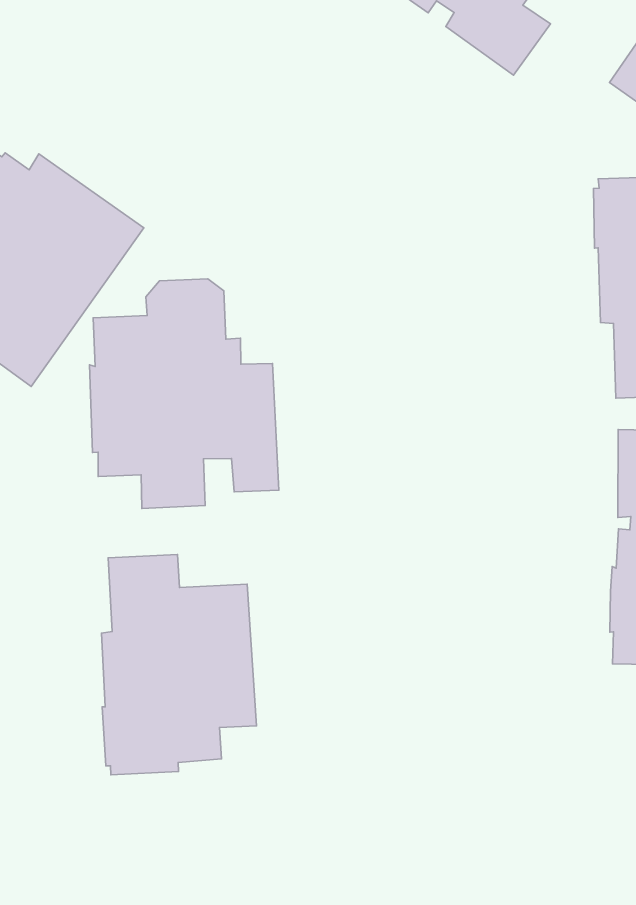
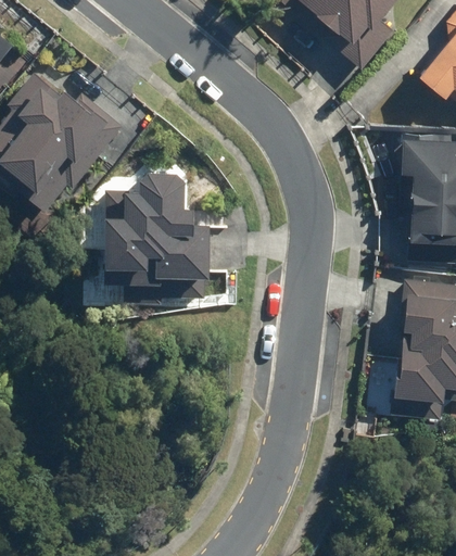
building: [101,554,256,775] -> none

